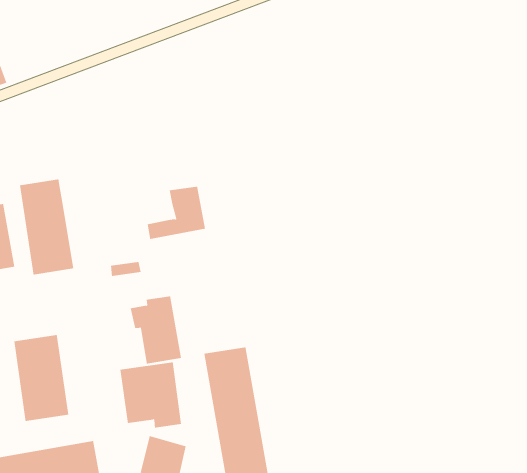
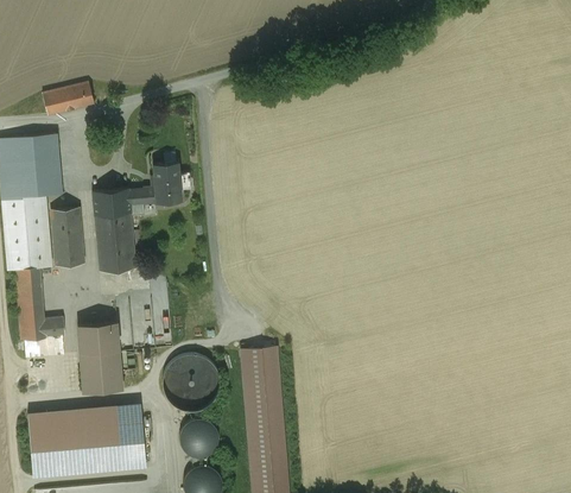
building: [147,186,206,239] -> [131,163,180,204]
building: [130,296,182,364] -> [115,293,156,349]

